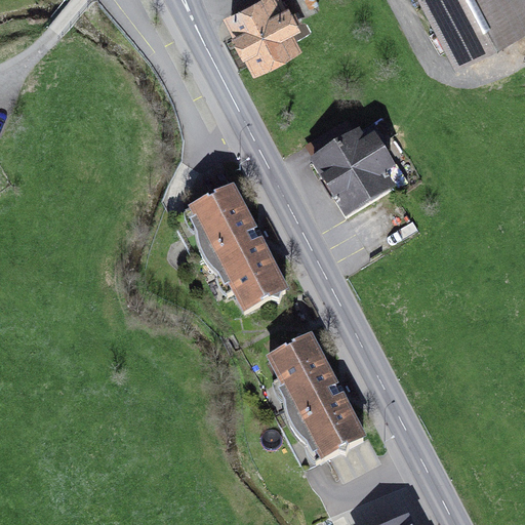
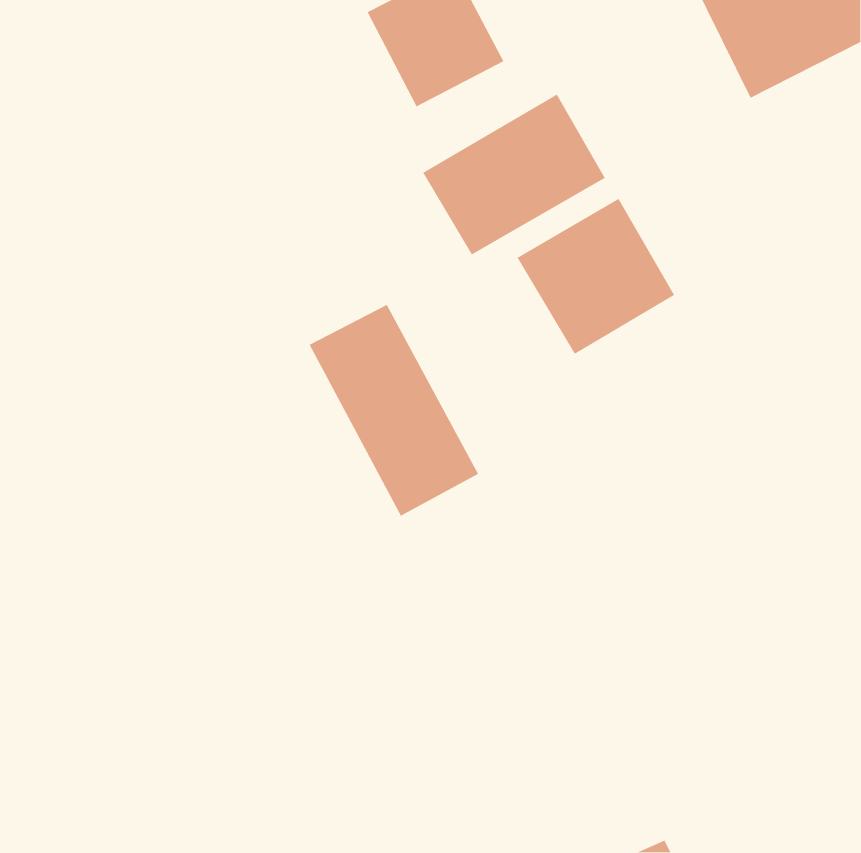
building: none -> [422,94,606,256]
building: [265,331,367,465] -> none

